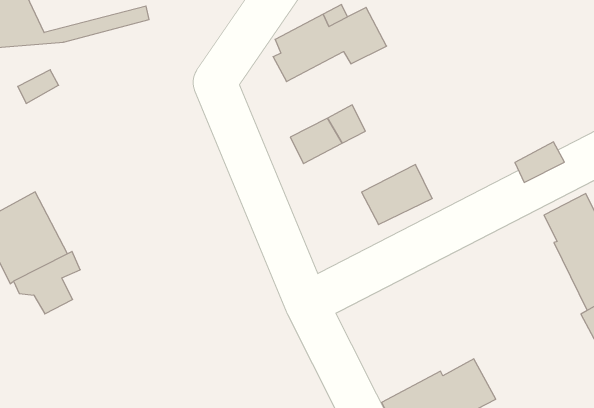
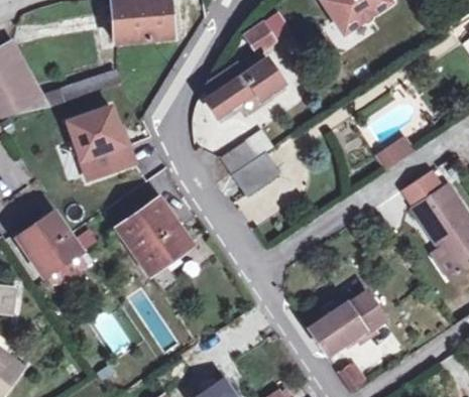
building: none -> [67,107,133,180]
building: [362,165,432,225] -> [236,150,285,194]
building: none -> [121,196,194,270]

